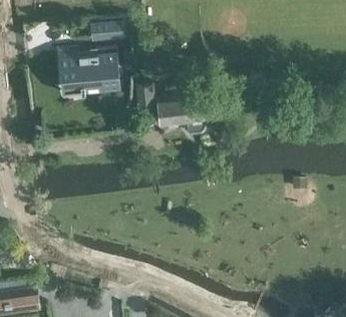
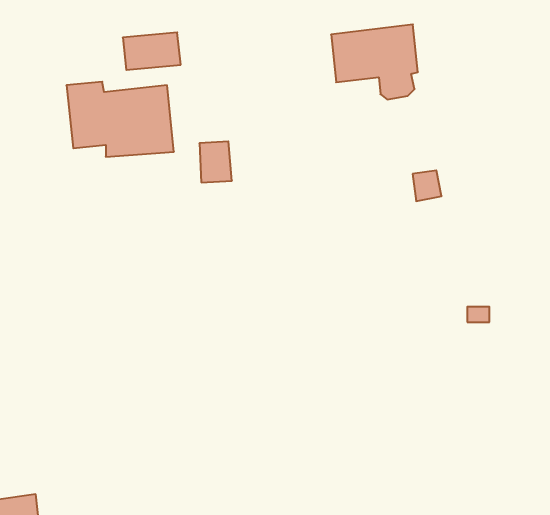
building: [156,91,208,135] -> [331,24,418,99]

